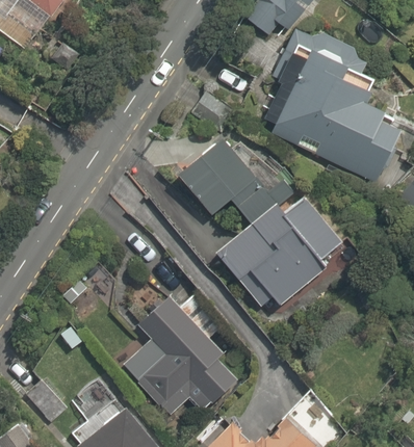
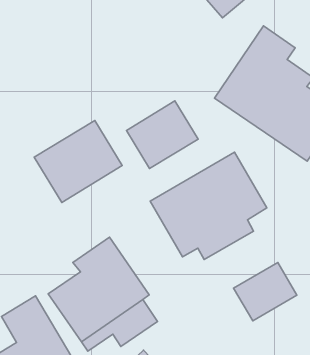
building: none -> [34,121,122,202]
building: none -> [234,263,297,321]

